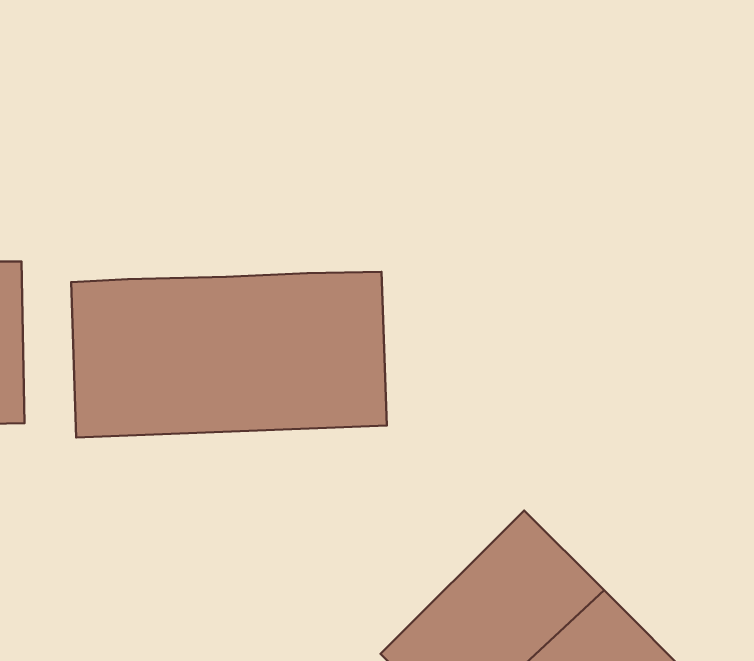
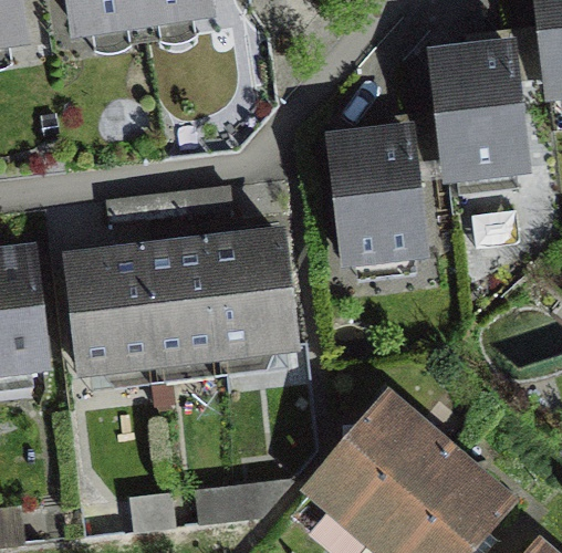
building: none -> [431,46,523,177]
building: none -> [329,133,424,264]

